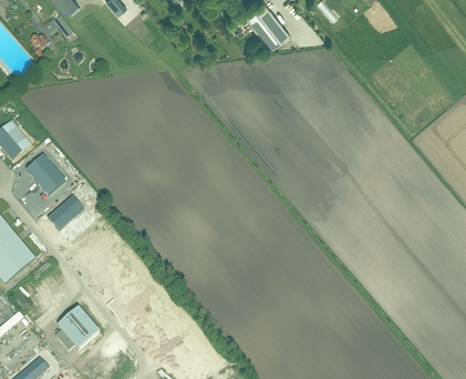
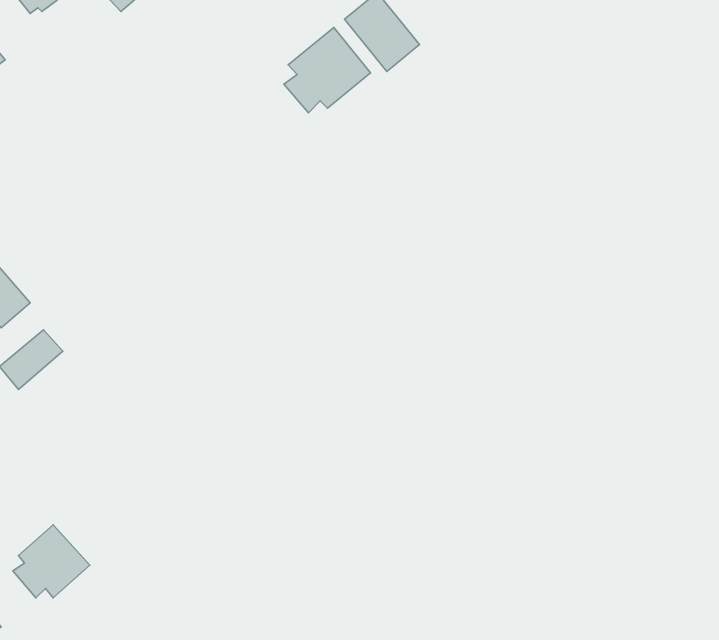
building: none -> [284,27,371,113]

